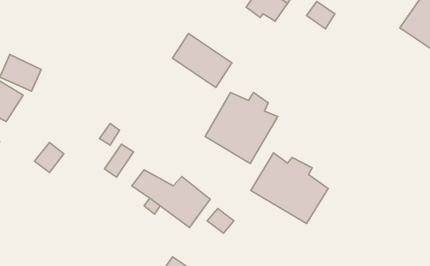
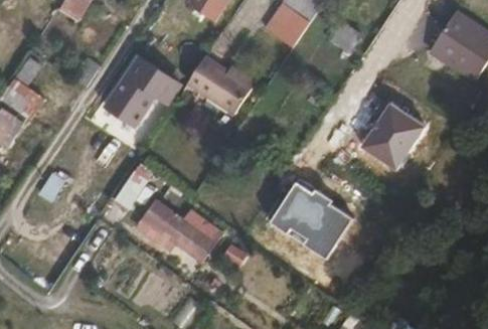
building: none -> [105,56,178,128]
building: none -> [360,102,425,168]
building: [205,92,278,163] -> none

